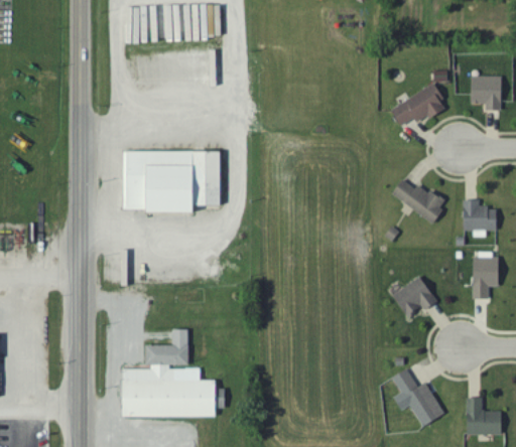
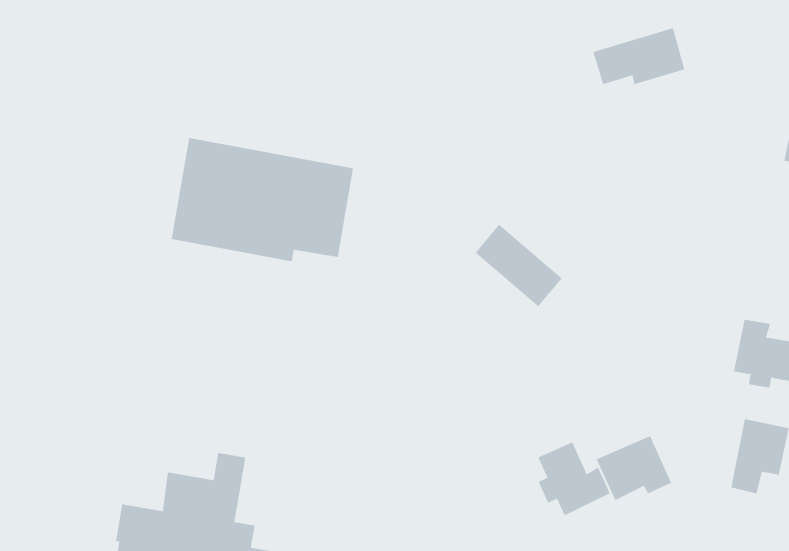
building: [390,86,445,126] -> [593,27,685,85]
building: [391,177,444,221] -> [475,224,563,307]
building: none -> [538,441,611,516]

